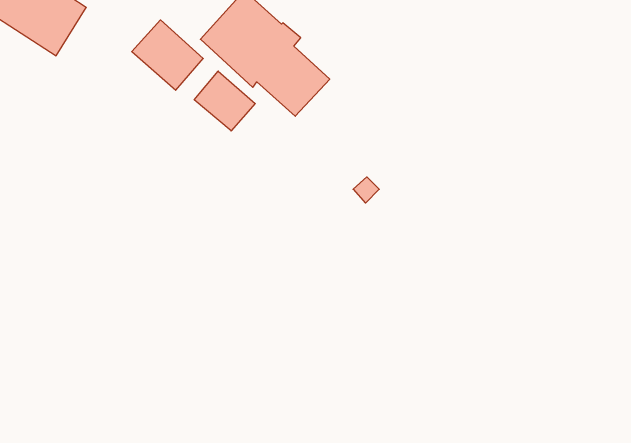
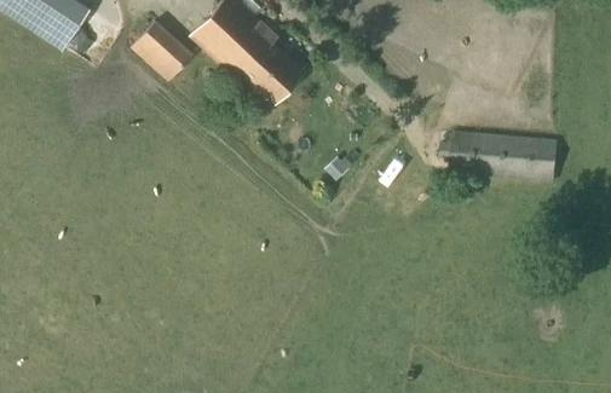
building: [194,71,255,131] -> none
building: none -> [450,129,560,181]

